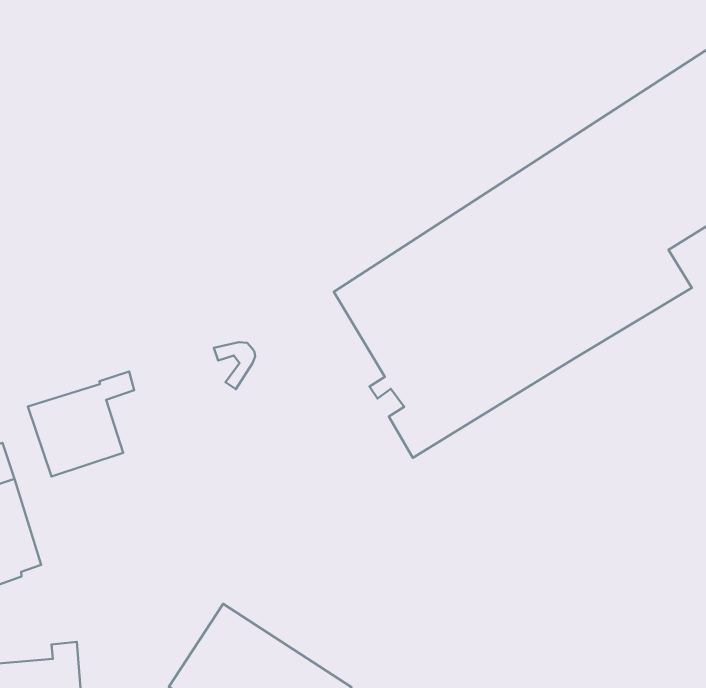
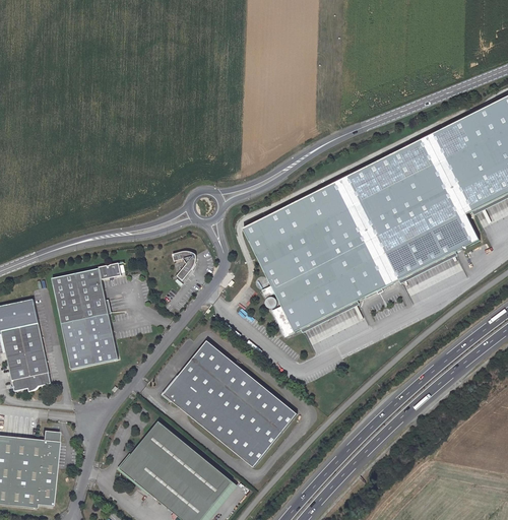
building: none -> [57,314,114,369]
building: none -> [164,337,298,465]

